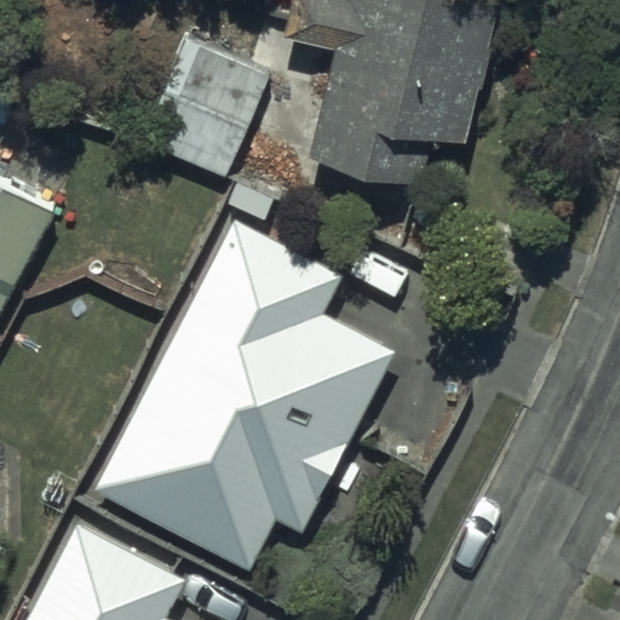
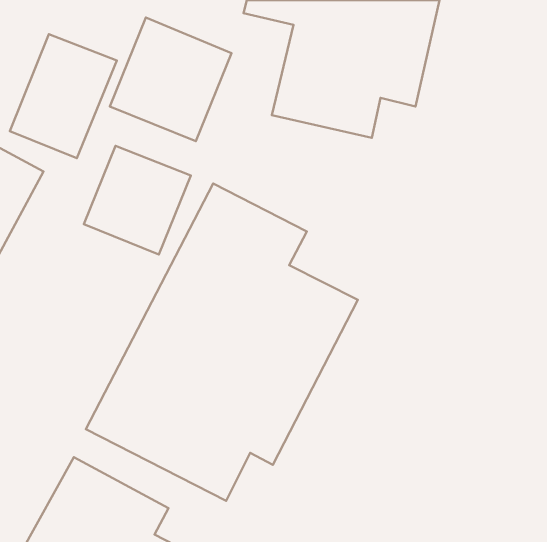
building: none -> [10,34,117,158]
building: none -> [84,146,191,254]

